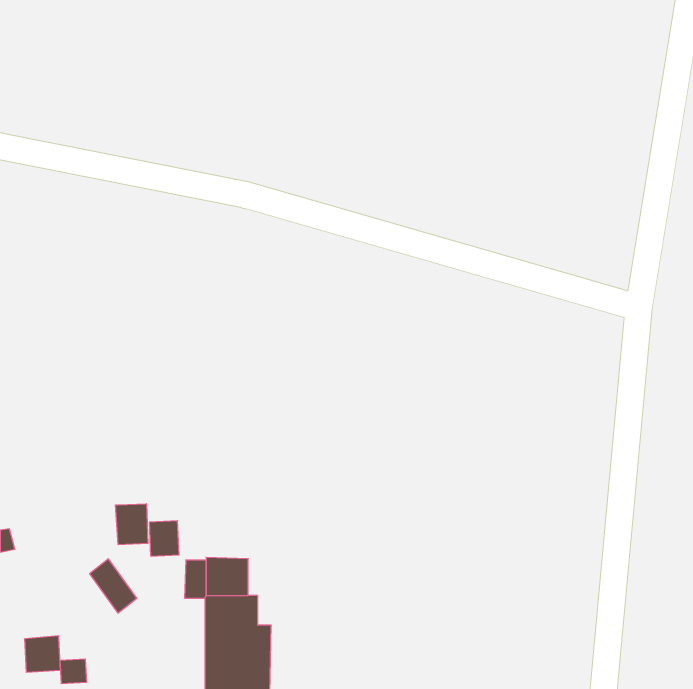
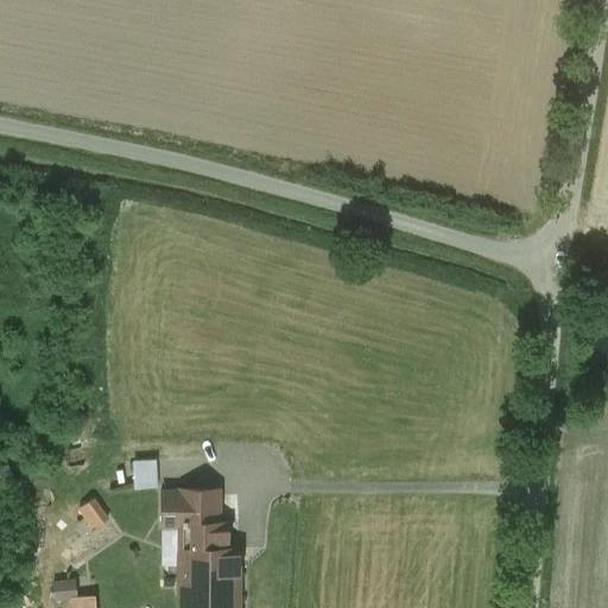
building: [116,504,148,545] -> none
building: [25,636,60,672] -> none

